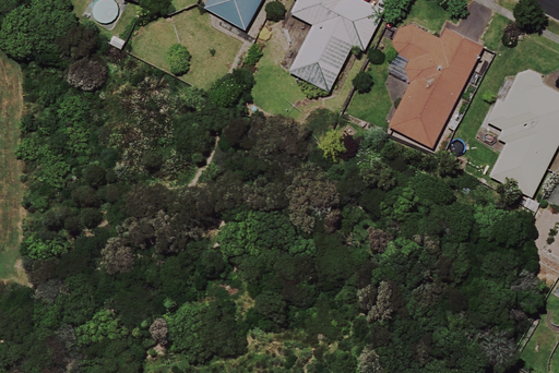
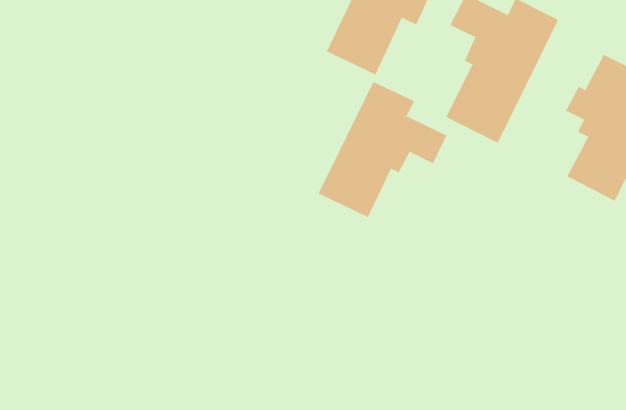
building: none -> [318,81,447,218]

